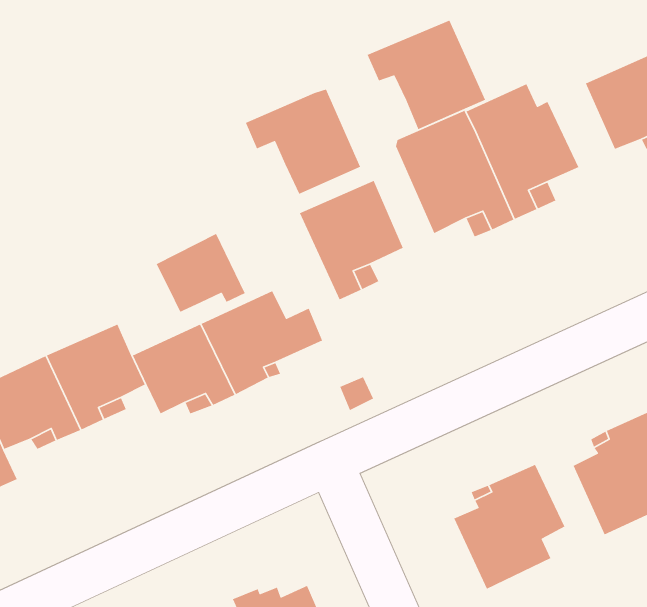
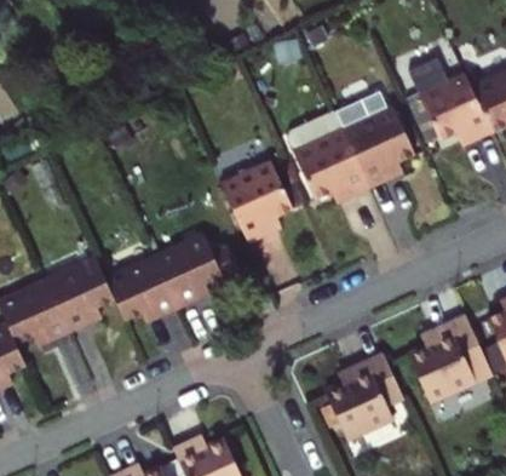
building: [366,19,486,130] -> none
building: [245,89,361,195] -> none
building: [156,233,246,313] -> none

